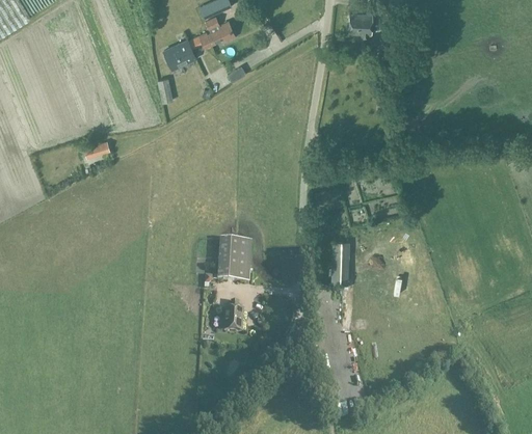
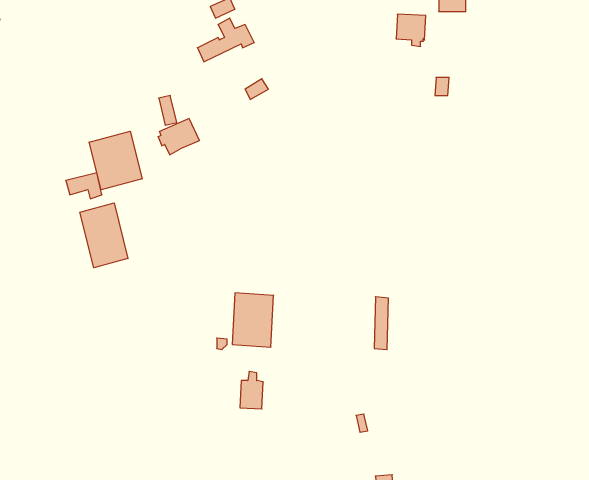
building: [164,38,197,67] -> [158,119,199,155]
building: none -> [89,131,142,190]
building: none -> [80,203,128,268]

